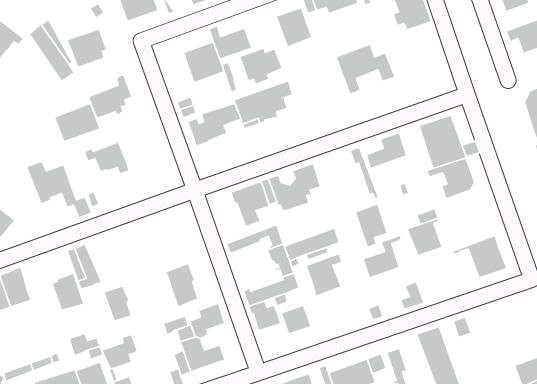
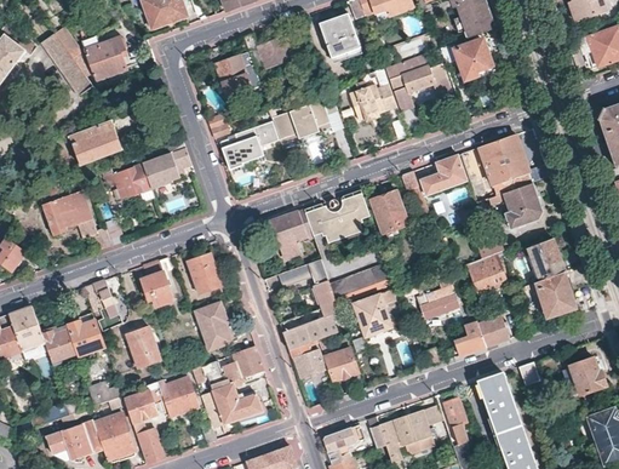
building: none -> [453,40,492,79]
building: [239,48,282,84] -> [349,85,397,126]
building: [88,74,132,118] -> [142,139,191,189]
building: [355,203,388,247] -> [371,190,407,240]
building: none -> [526,239,566,281]
building: none -> [187,253,220,293]
building: none -> [141,261,172,307]
building: none -> [477,313,509,347]
building: none -> [40,330,75,362]
building: none -> [569,356,607,394]
building: none -> [156,378,197,417]

